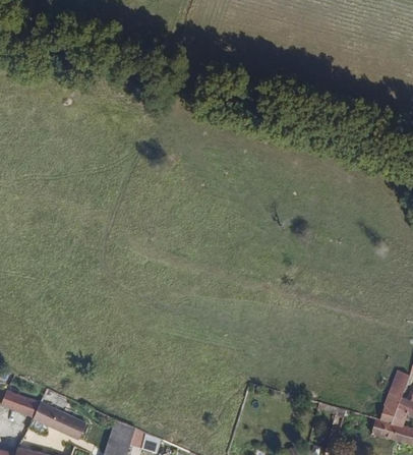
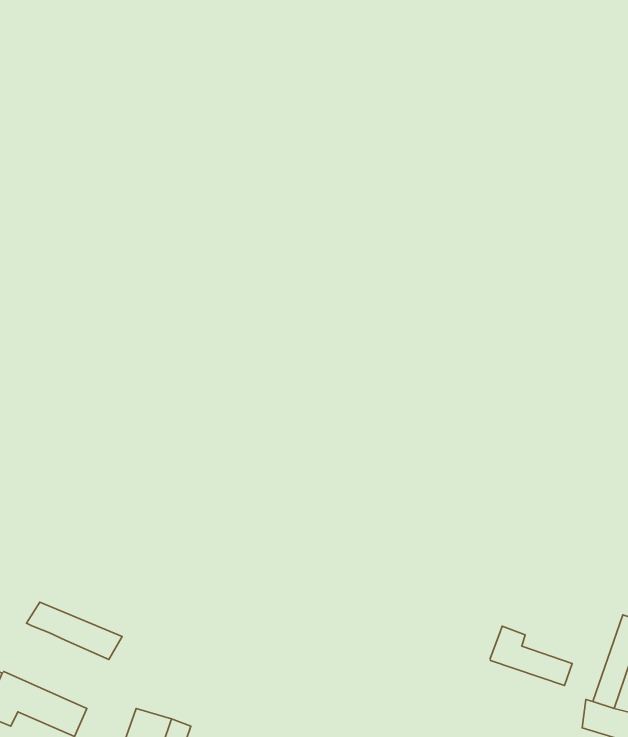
building: none -> [27,602,122,660]
building: none -> [490,626,572,686]

